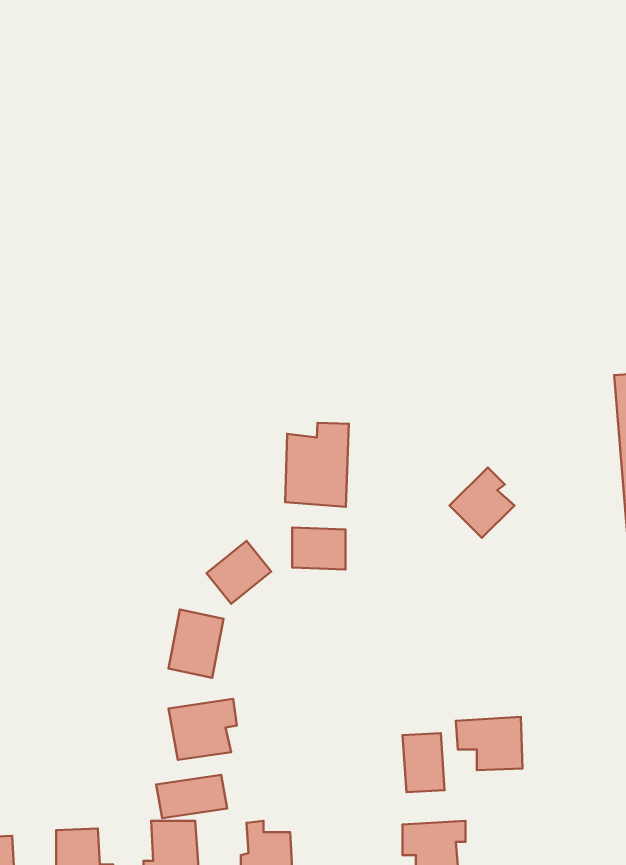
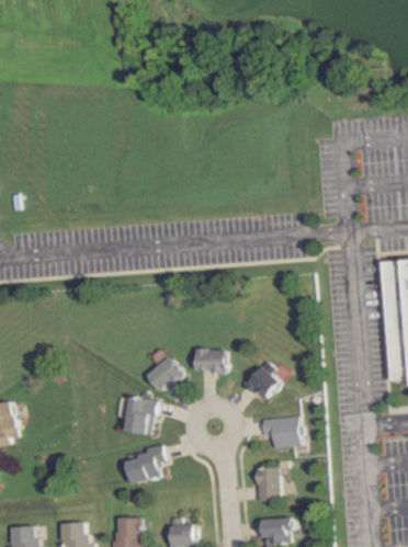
building: [285,423,349,507] -> none
building: [450,467,514,538] -> [243,360,281,400]
building: [456,717,523,770] -> [262,417,301,447]
building: [156,775,227,818] -> none

